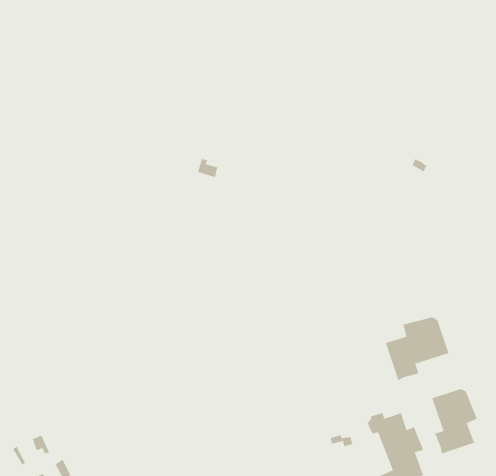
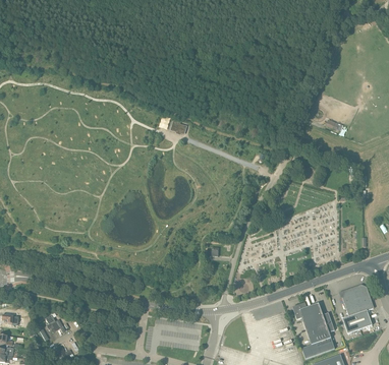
building: [385,316,450,381] -> none

